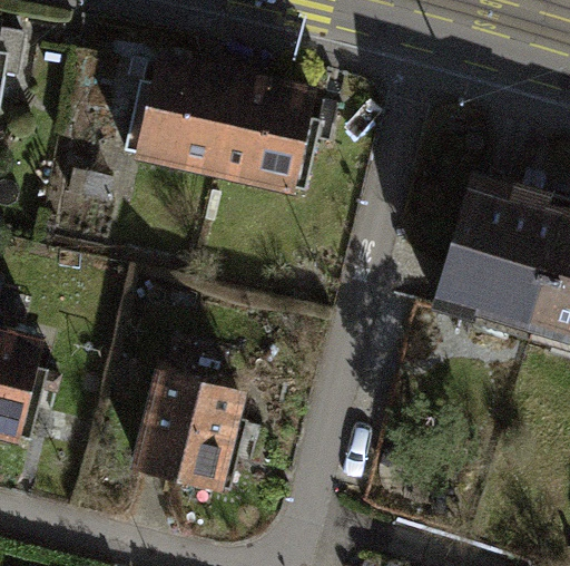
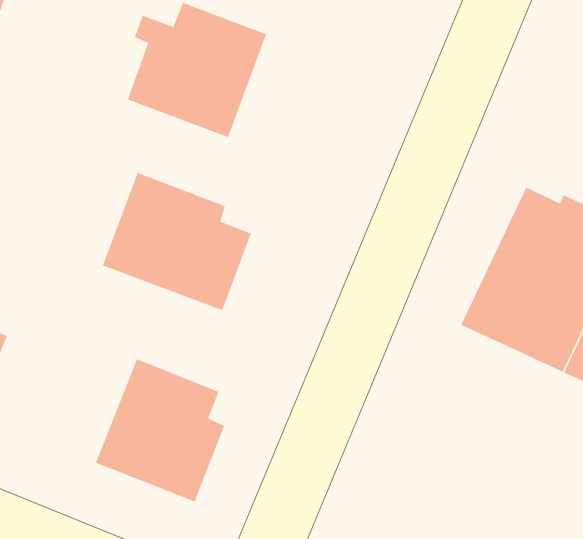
building: [214,76,317,191] -> none
building: none -> [102,172,252,311]

